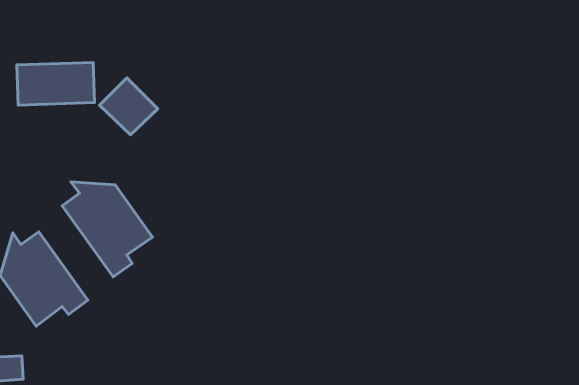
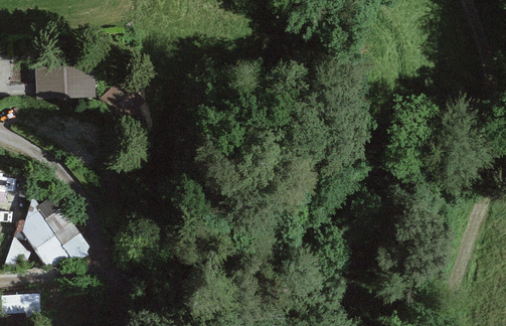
building: [62,182,153,277] -> none

